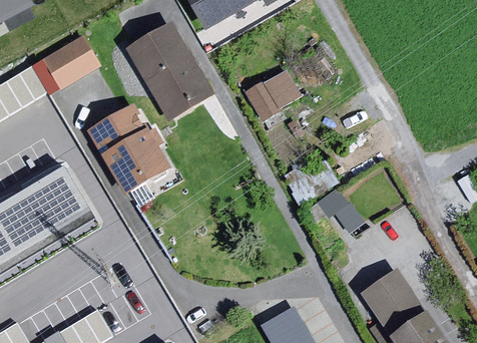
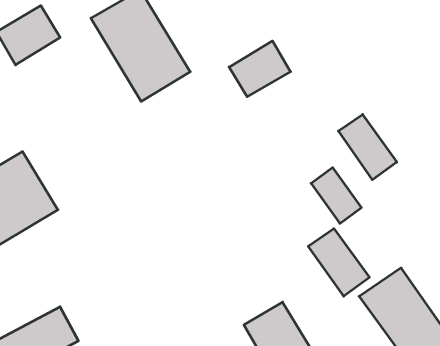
building: [88,109,167,195] -> none
building: none -> [338,114,397,180]
building: none -> [308,229,369,296]

